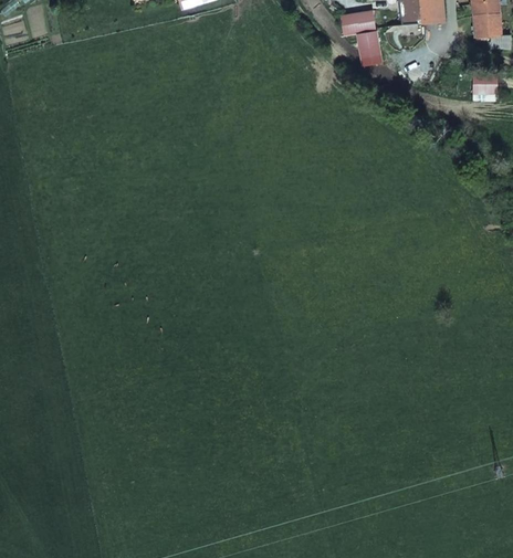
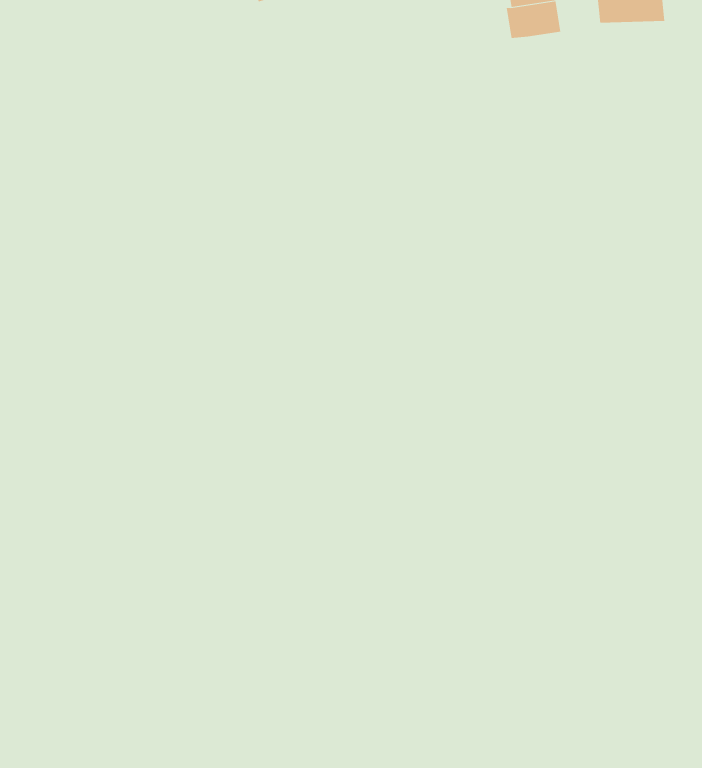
building: [356,29,380,57] -> none

